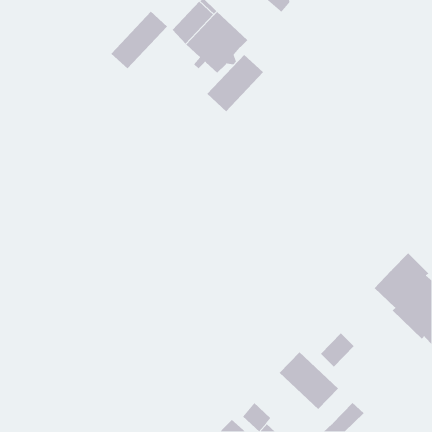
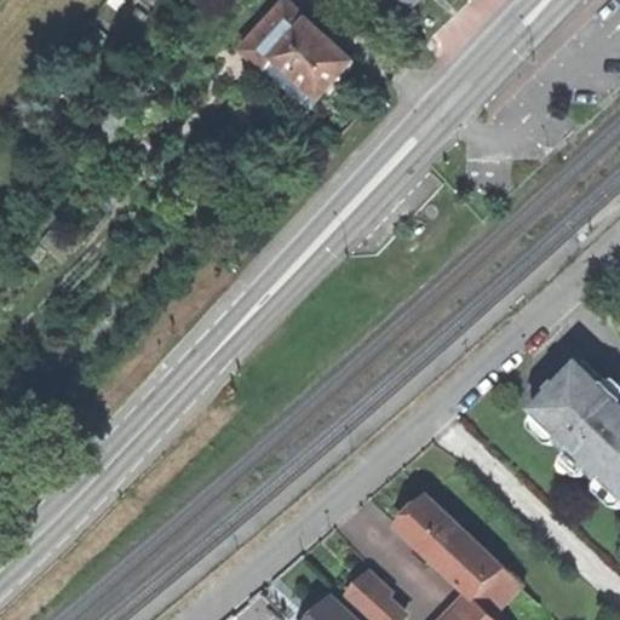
building: [110,11,168,69] -> none
building: [206,54,264,112] -> none
building: [320,332,354,368] -> [450,550,499,599]

